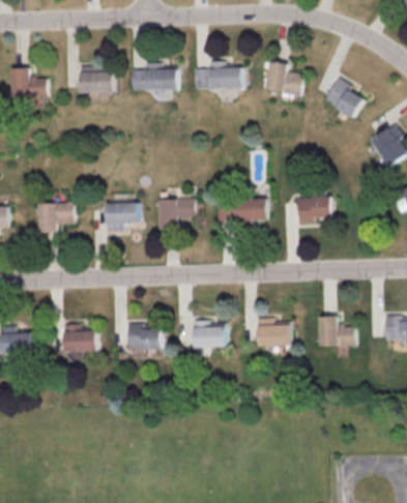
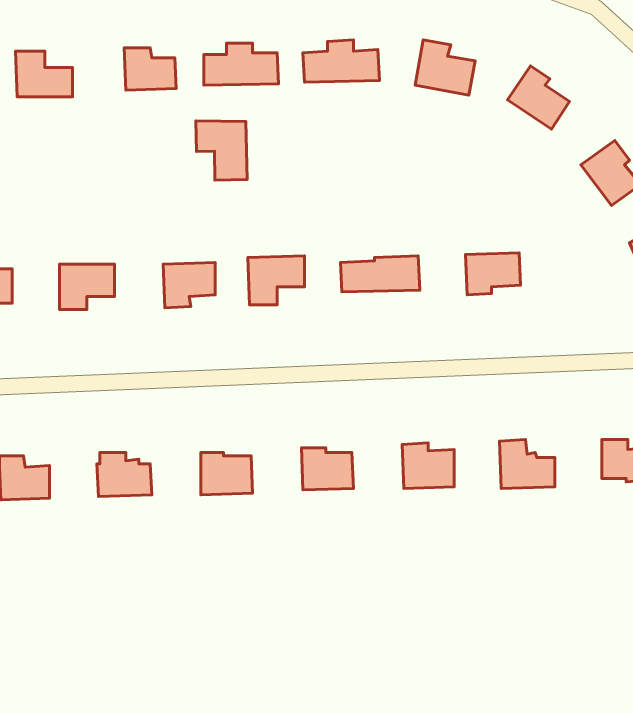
building: none -> [196,121,247,180]

